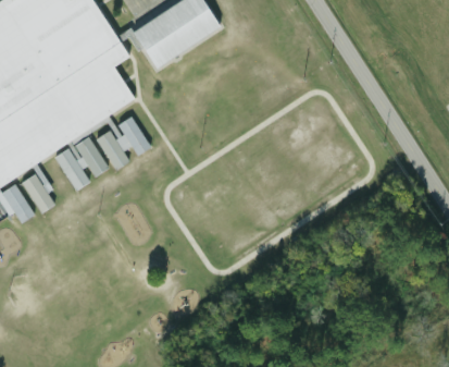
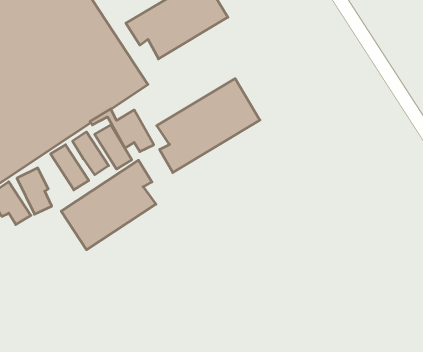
building: none -> [157,79,260,173]
building: none -> [61,160,156,250]

